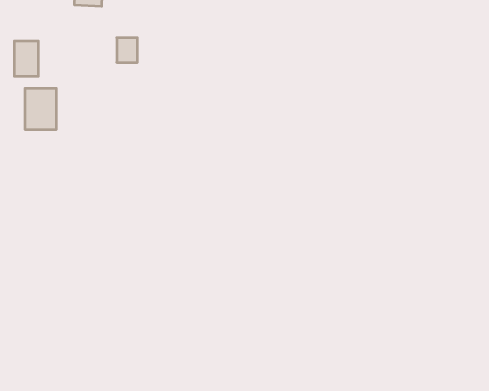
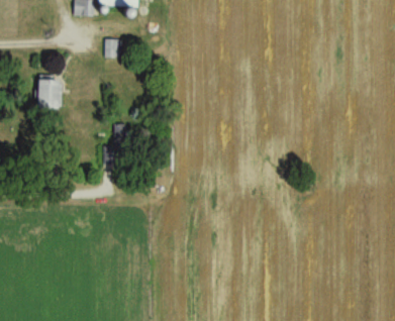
building: [14,41,38,76] -> none

